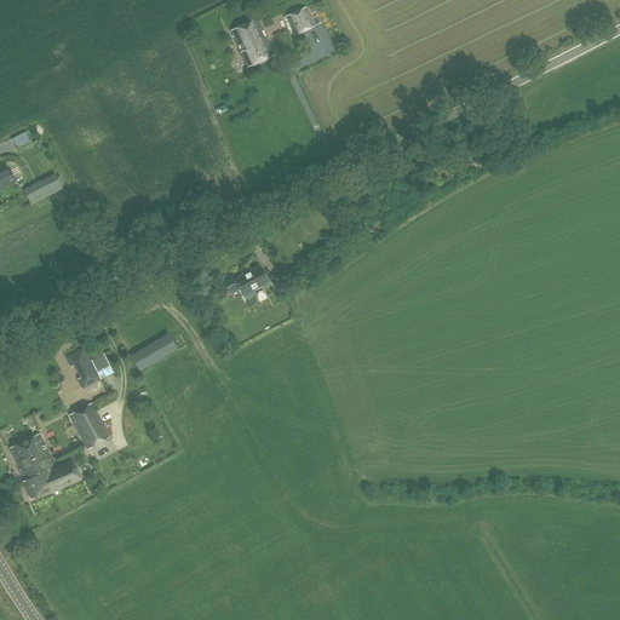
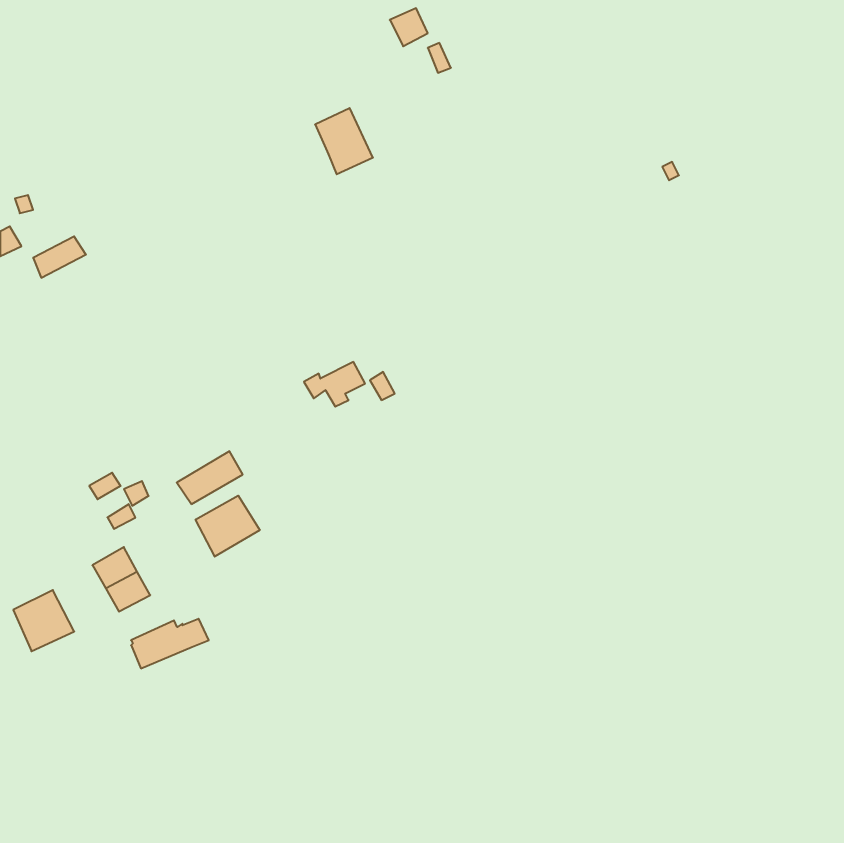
building: [231,17,274,65] -> [315,108,373,174]
building: none -> [196,496,260,557]
building: [23,461,80,498] -> [131,619,209,668]

